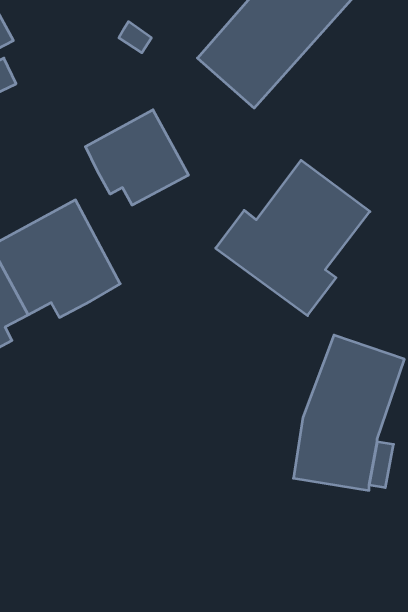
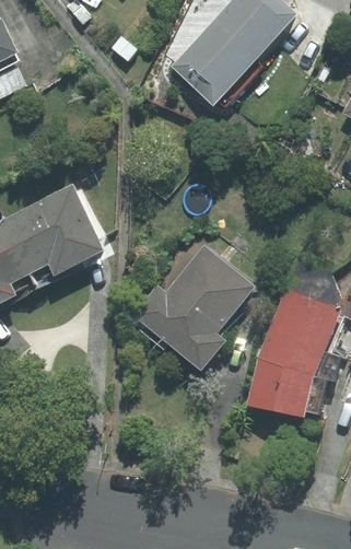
building: [85,110,188,205] -> none
building: [216,160,370,316] -> [131,245,256,371]

